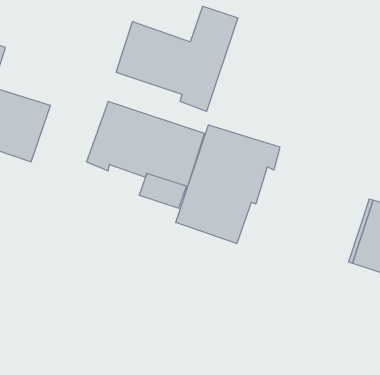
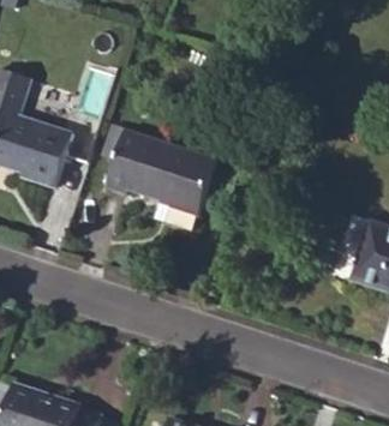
building: [116,6,238,111] -> none
building: [176,125,280,244] -> none

